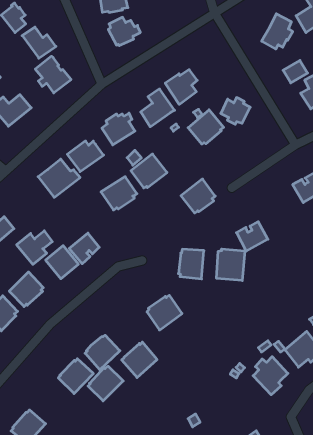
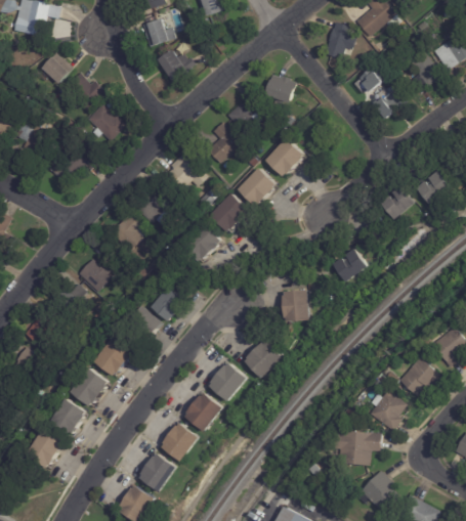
building: [221,98,250,124] -> [261,73,292,101]
building: [181,179,215,213] -> [232,165,269,203]
building: [17,231,52,264] -> [79,253,117,291]
building: [217,249,245,281] -> none
building: [122,342,157,378] -> [209,362,247,401]
building: [88,366,123,401] -> [140,452,177,490]
building: none -> [335,430,382,466]

